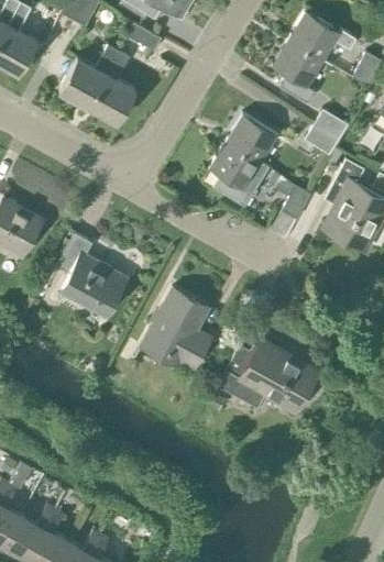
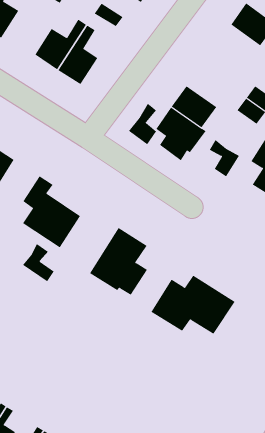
building: [272,38,327,102] -> none
building: none -> [128,103,157,145]
building: none -> [22,243,54,282]

